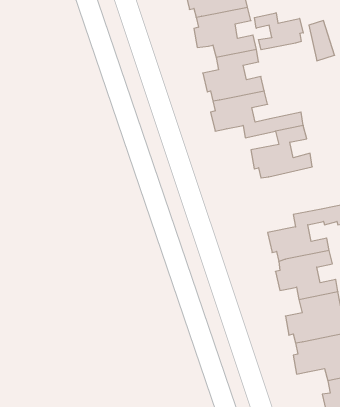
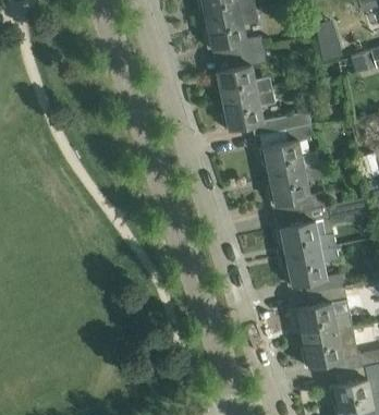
building: [254,13,303,50] -> none
building: none -> [267,164,328,211]

